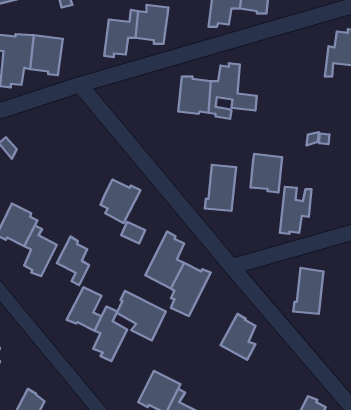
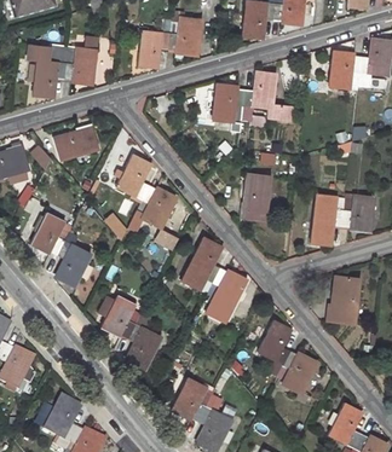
building: none -> [329,51,362,91]
building: none -> [53,126,97,162]
building: none -> [113,157,146,203]
building: [251,154,282,192] -> [342,192,374,231]
building: [57,236,89,285] -> none
building: [117,291,166,340] -> none
building: none -> [276,353,315,396]

